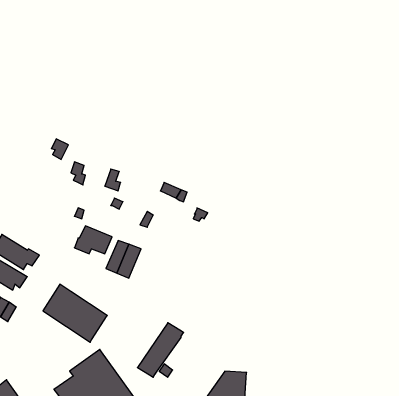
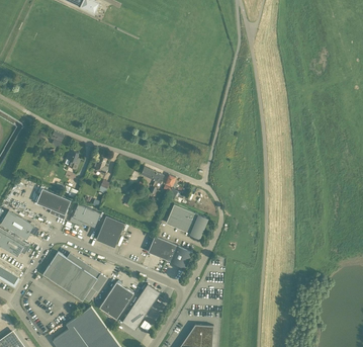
building: none -> [35,189,70,221]
building: none -> [165,204,206,238]
building: none -> [147,237,191,268]
building: none -> [99,283,132,320]

